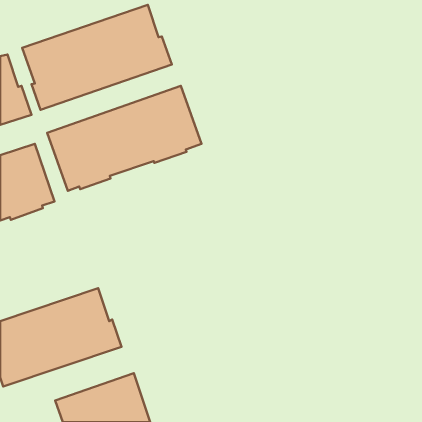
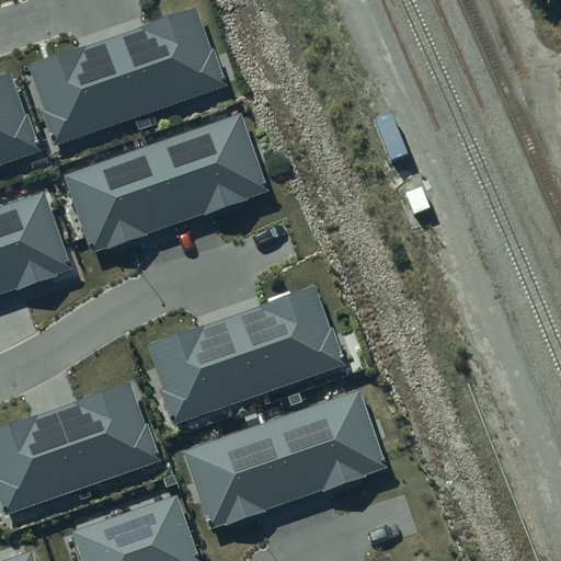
building: none -> [149,287,346,423]
building: none -> [182,389,387,528]

